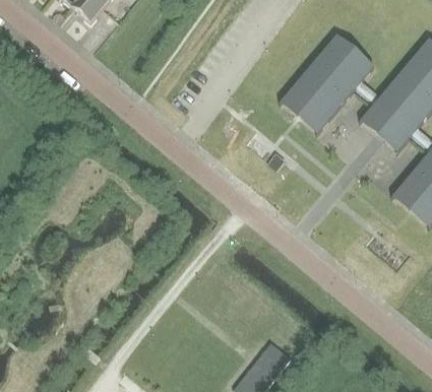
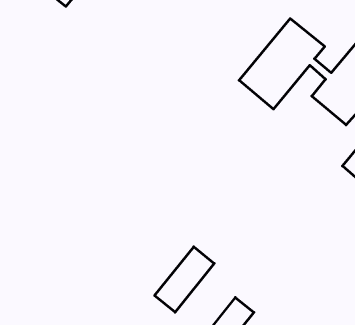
building: none -> [155,247,214,312]

